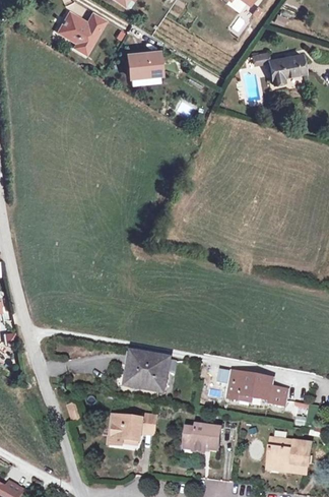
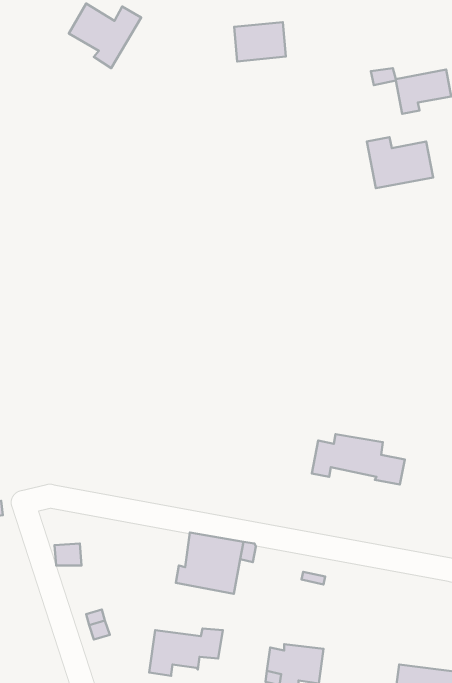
building: [126,51,159,76] -> [234,22,286,61]
building: none -> [367,137,433,188]
building: [227,373,287,406] -> [312,434,405,485]

